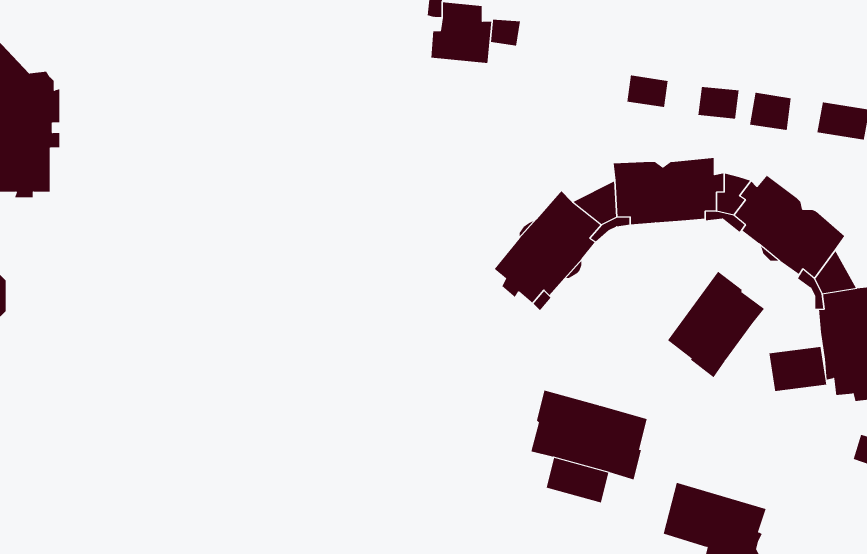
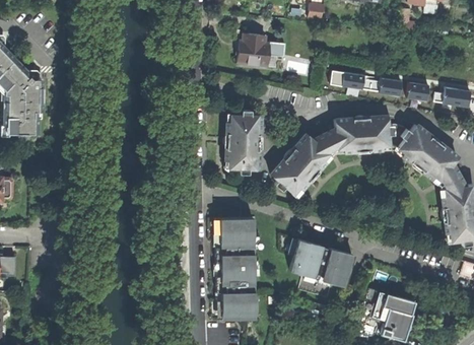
building: none -> [226,110,260,174]
building: [667,271,765,378] -> none
building: [769,346,827,392] -> none
building: none -> [214,217,255,320]

